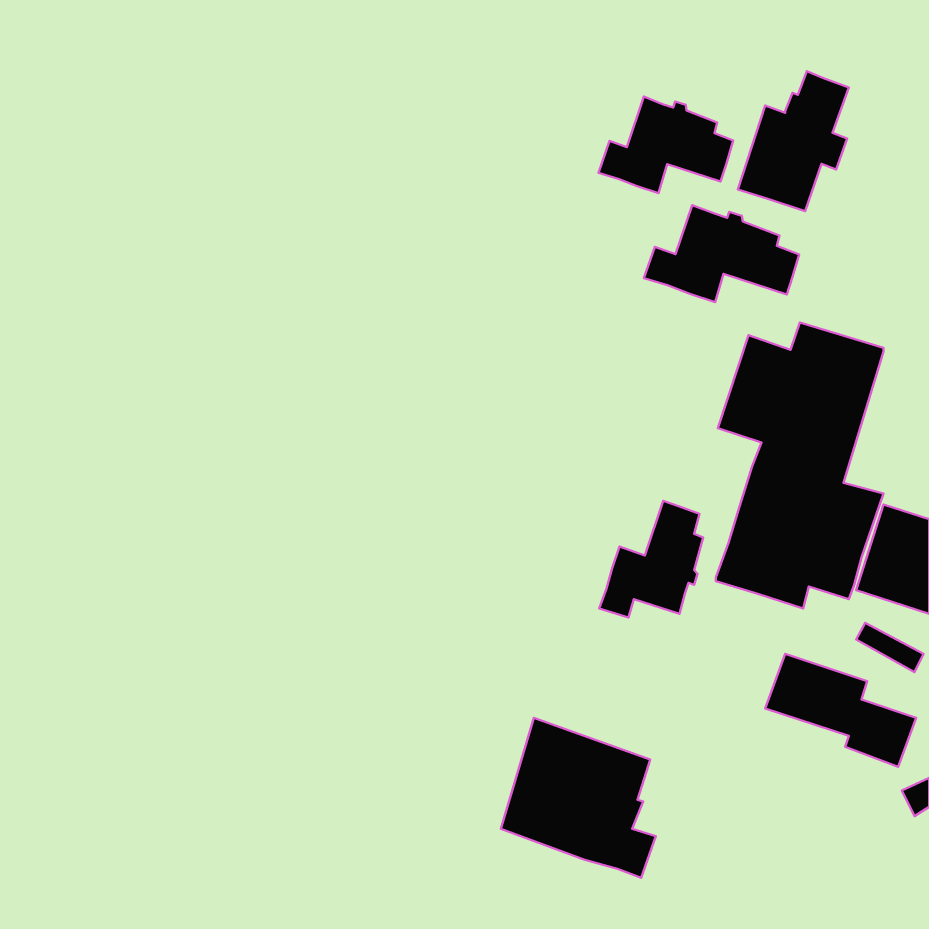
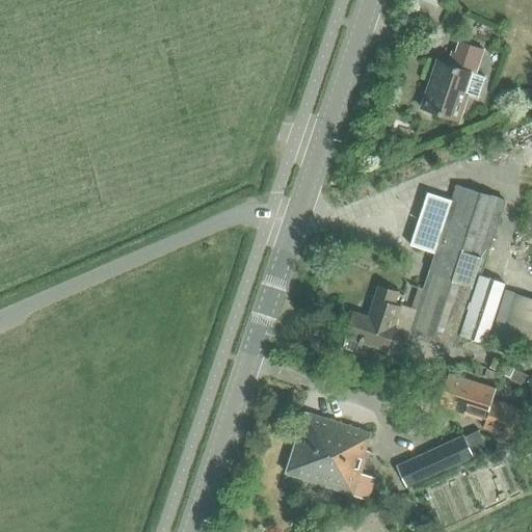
building: [598,97,733,193] -> none
building: [644,205,799,302] -> none
building: none -> [395,428,487,491]

